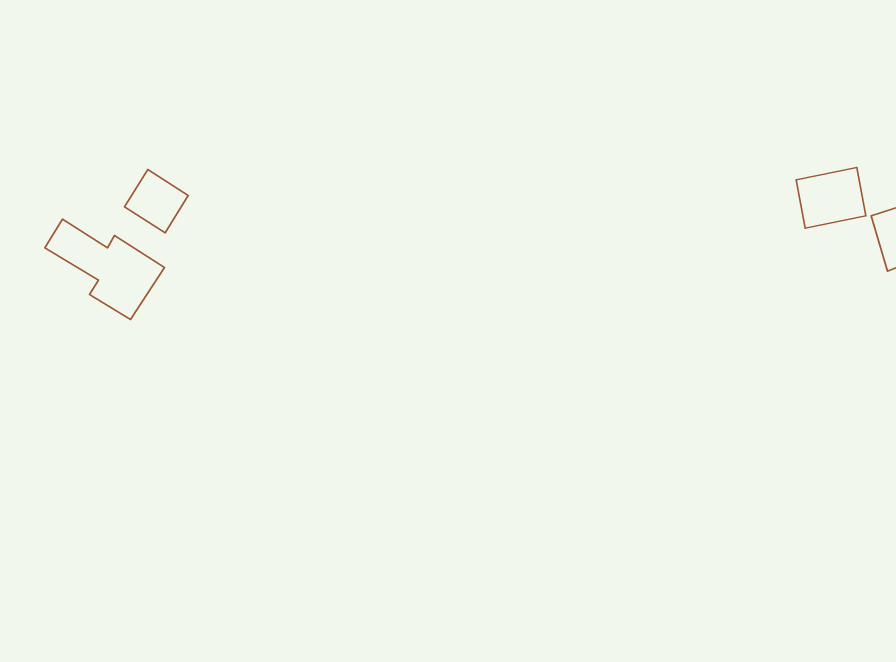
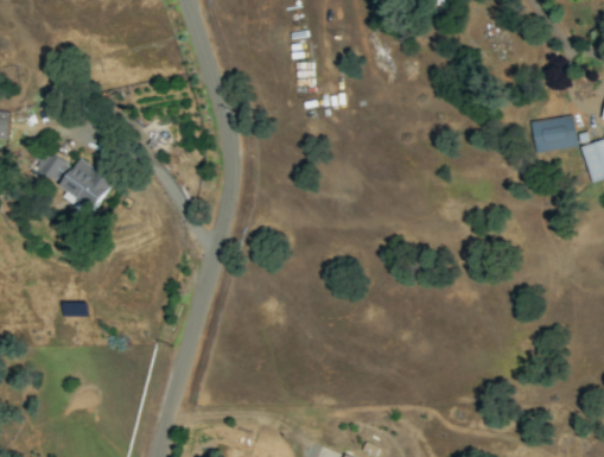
building: [125,169,188,233] -> none

